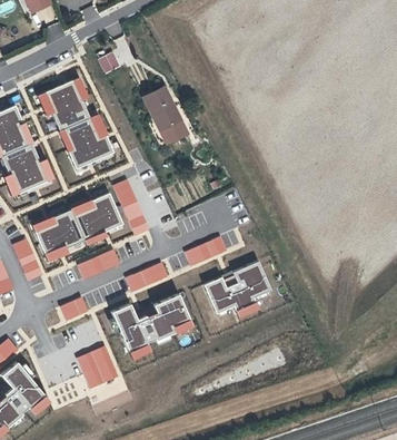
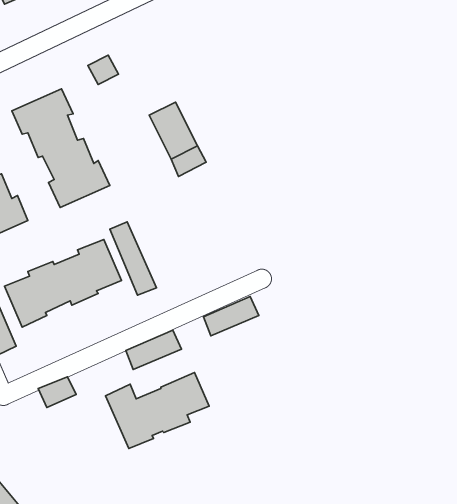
building: [77,250,119,280] -> none
building: [204,261,270,314] -> none
building: [76,345,118,389] -> none

